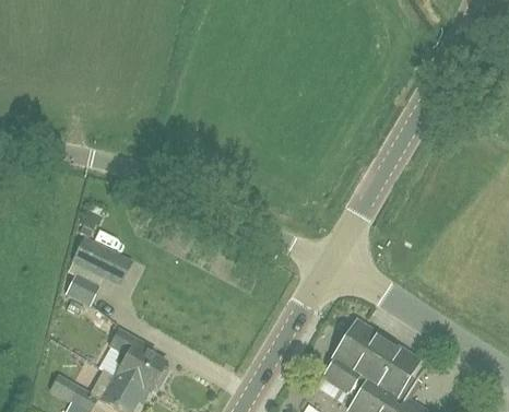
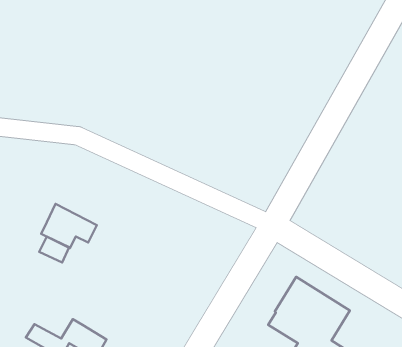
building: [109,330,167,392] -> none

